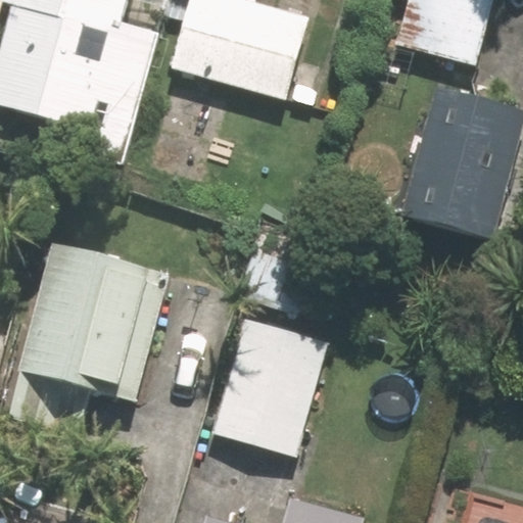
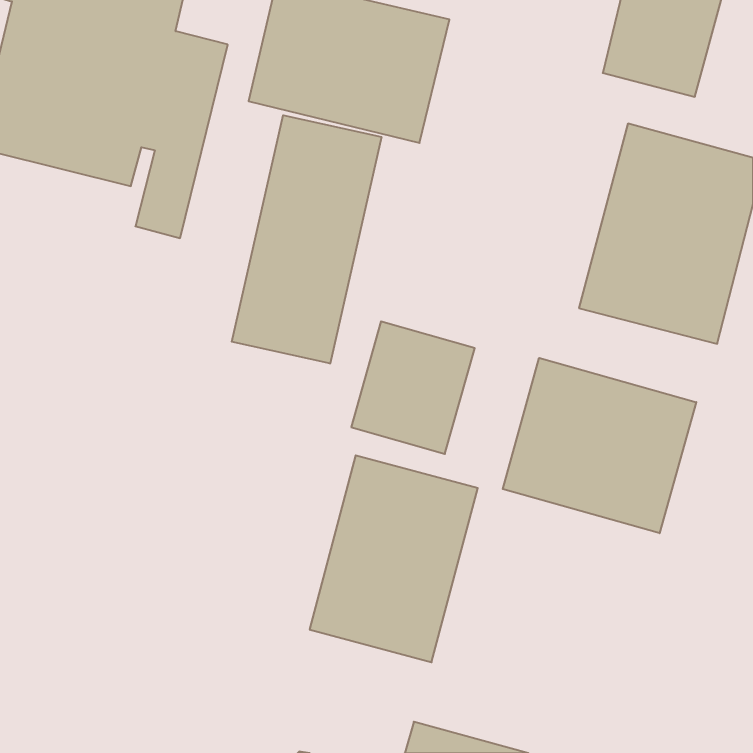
building: none -> [232,115,381,364]
building: [7,242,176,442] -> none
building: none -> [503,358,696,533]

